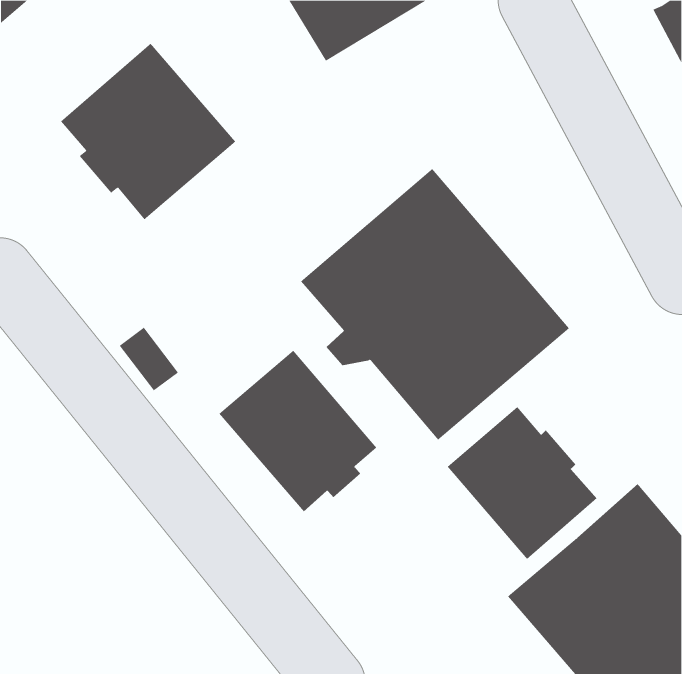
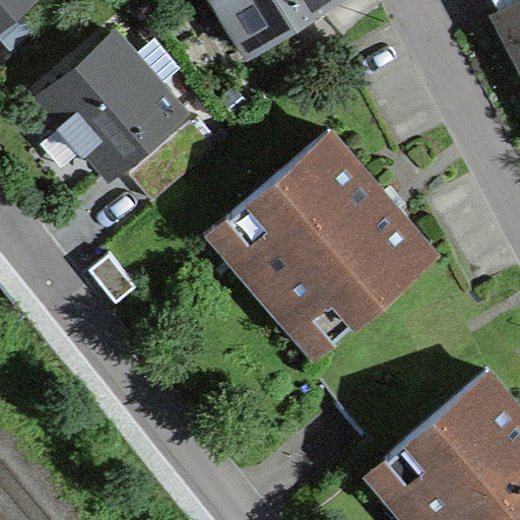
building: [219,350,377,512] -> none
building: [447,406,597,560] -> none

